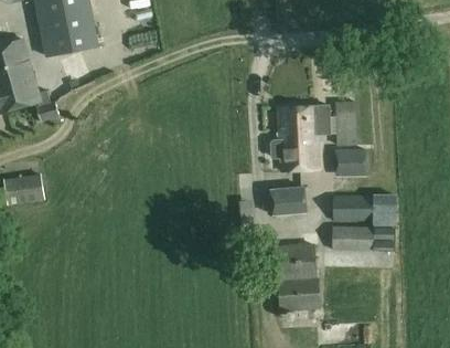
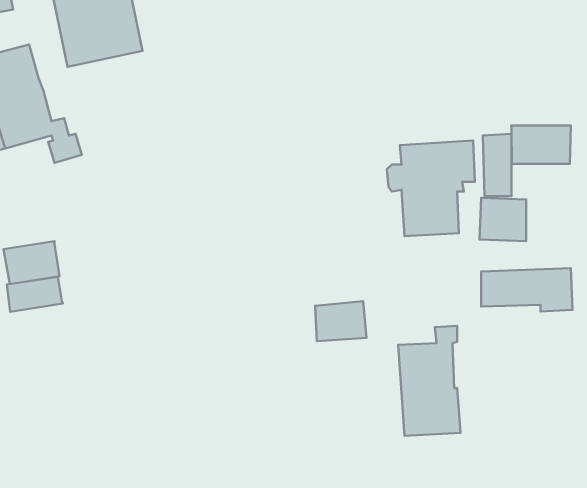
building: none -> [511,125,571,164]
building: [271,188,307,215] -> [315,301,366,341]
building: none -> [7,277,63,312]
building: [332,228,386,251] -> none

